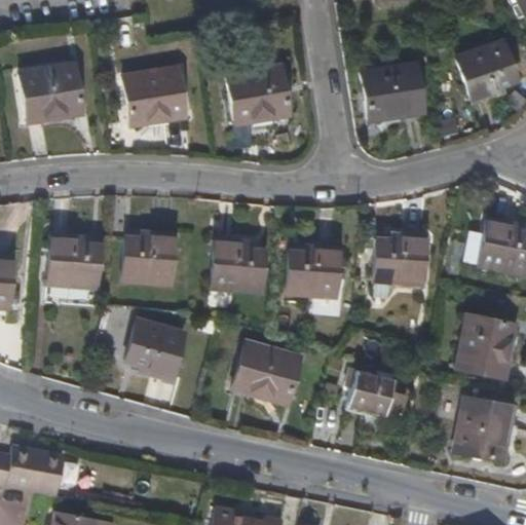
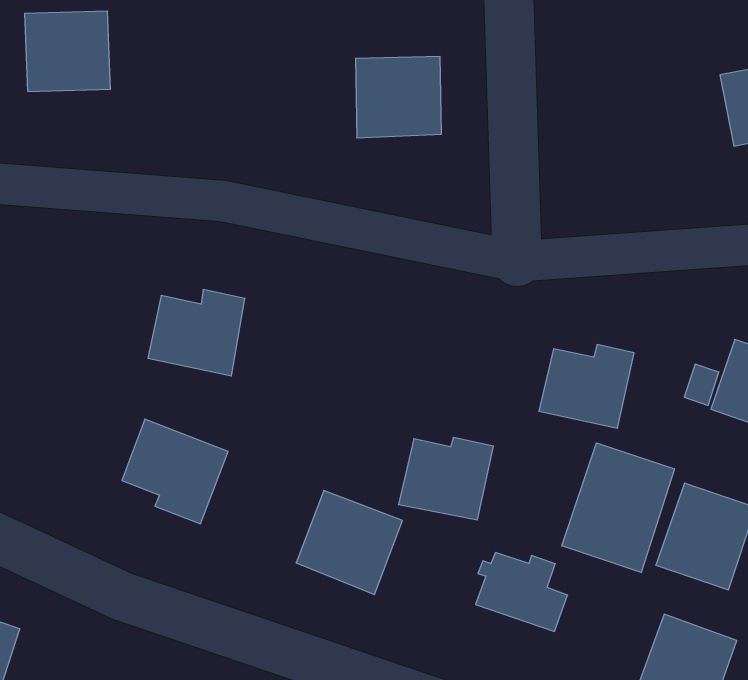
building: [363,65,425,120] -> none
building: [125,69,187,125] -> none
building: [48,236,101,289] -> none
building: [212,239,265,292] -> none
building: [287,247,341,296] -> [398,437,494,520]
building: none -> [562,443,674,573]

